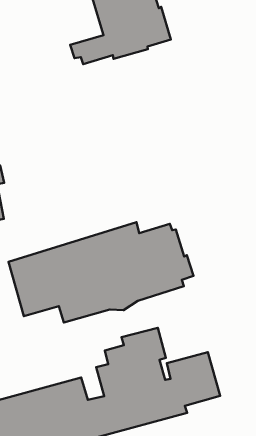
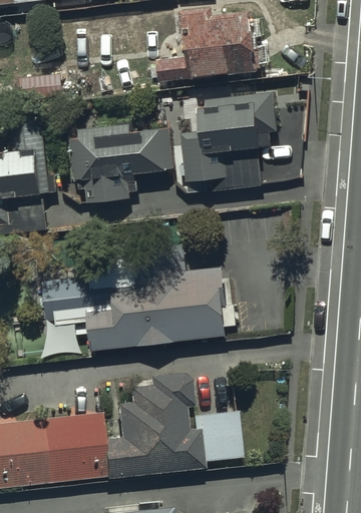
building: none -> [178,94,275,188]
building: none -> [71,122,173,205]

